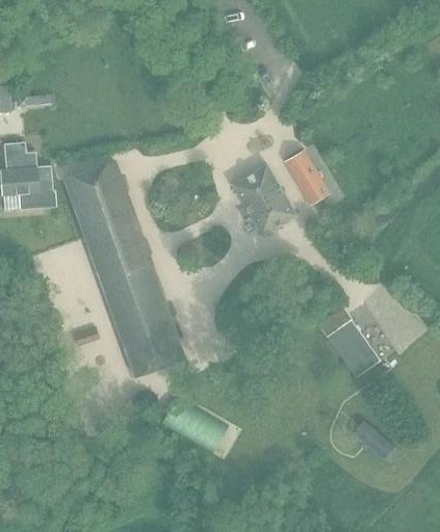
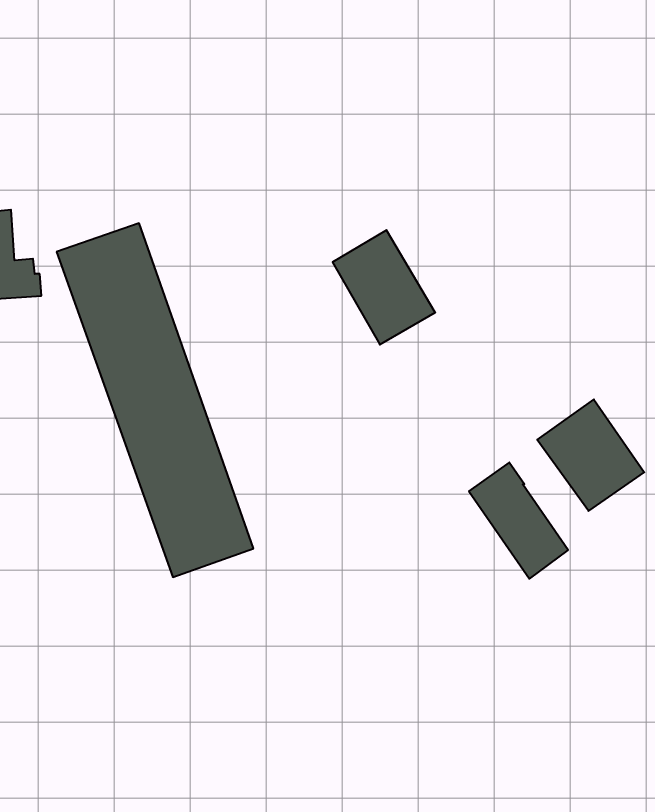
building: [286,149,329,202] -> none
building: none -> [537,399,644,511]

